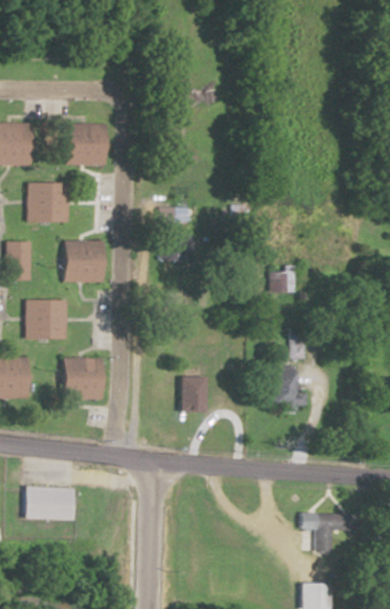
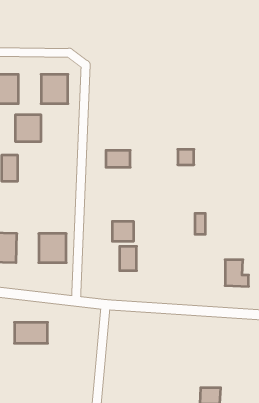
building: [64,239,103,282] -> none
building: [271,269,295,291] -> [178,149,194,165]
building: [26,299,68,339] -> none
building: none -> [112,221,133,241]
building: [271,370,306,409] -> [225,260,249,286]
building: [301,511,353,553] -> none

